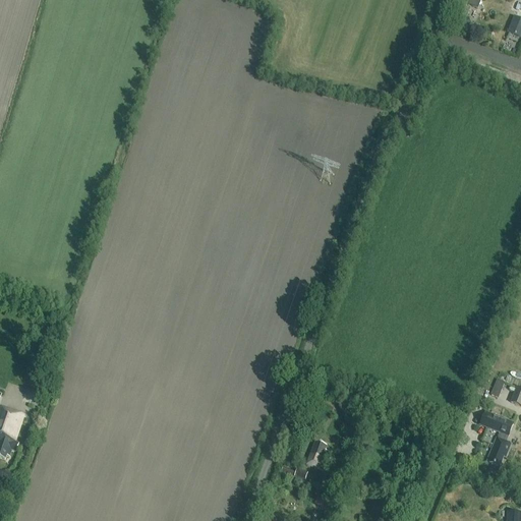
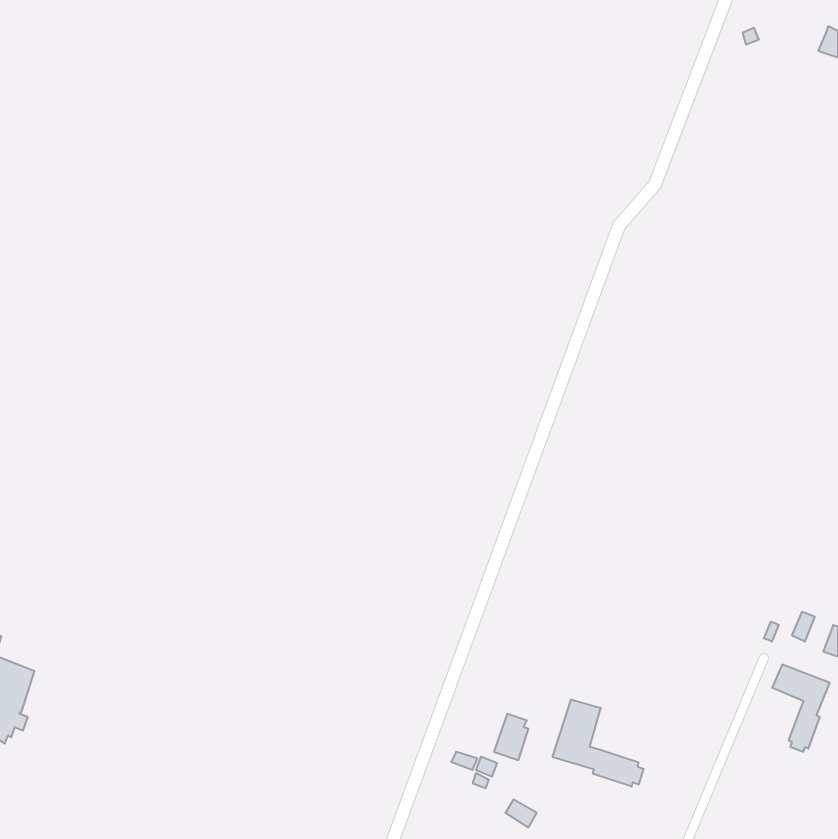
building: none -> [553,699,644,787]

